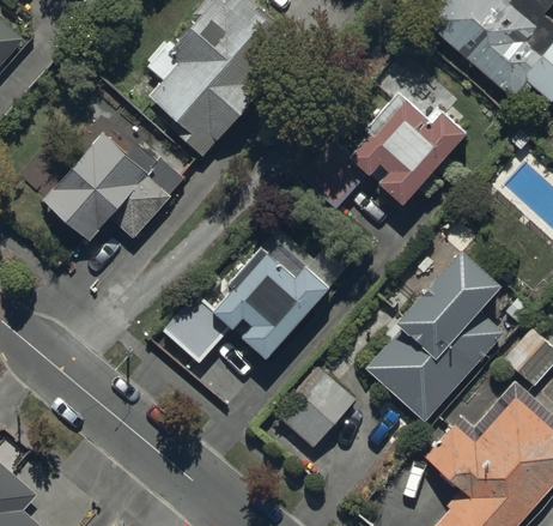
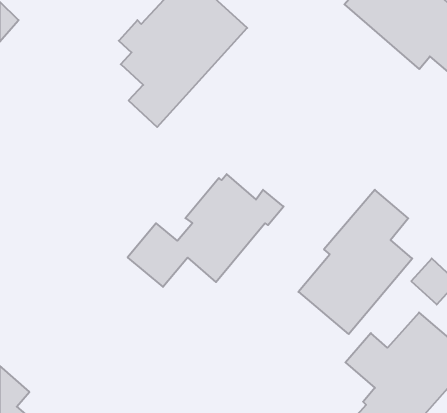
building: [291,90,466,211] -> none
building: [44,133,187,242] -> none
building: [275,368,353,448] -> none

